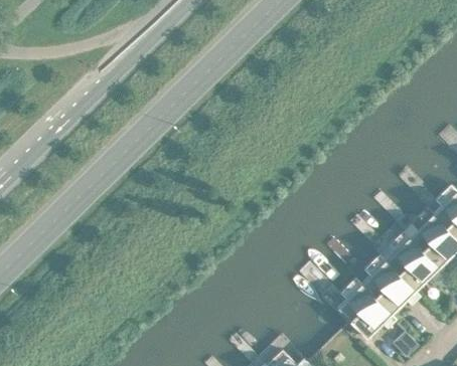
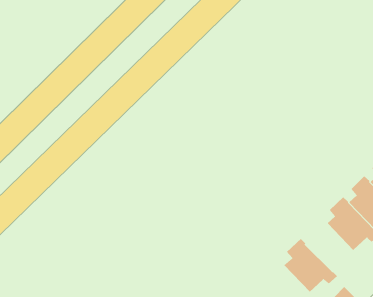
building: [360,252,420,313] -> none

